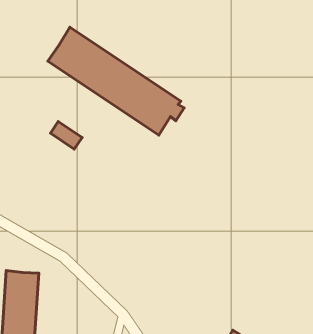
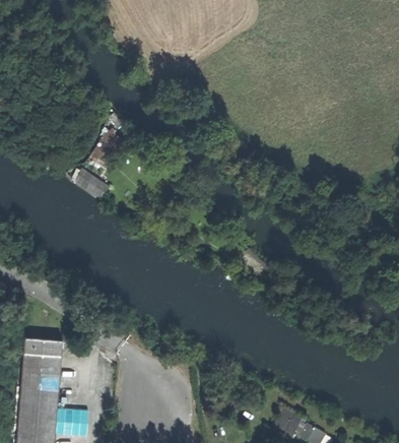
building: [48,27,184,135] -> none

